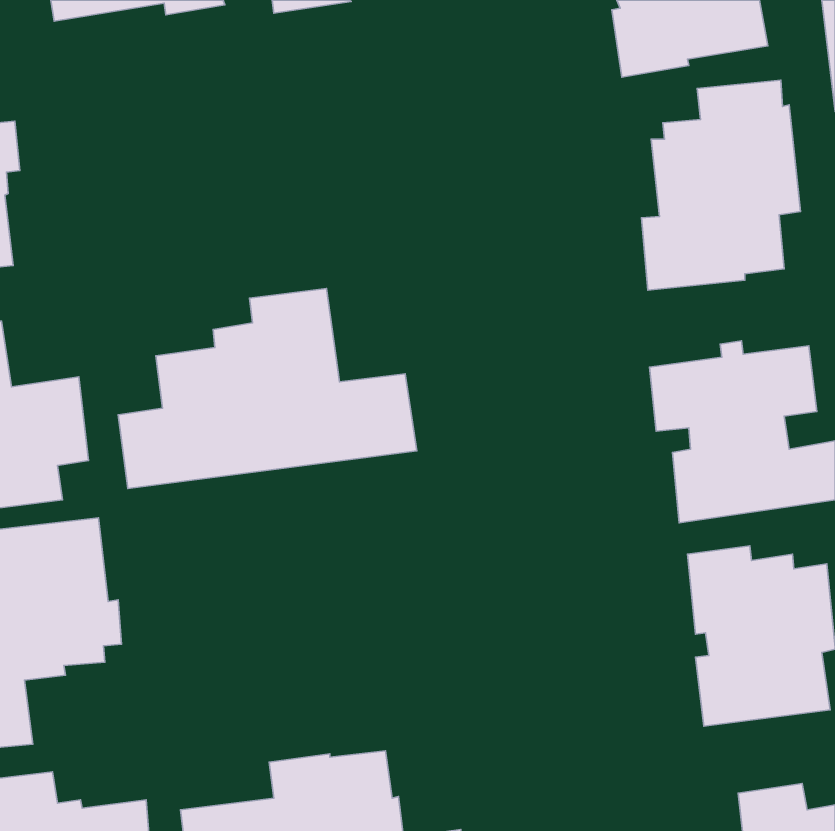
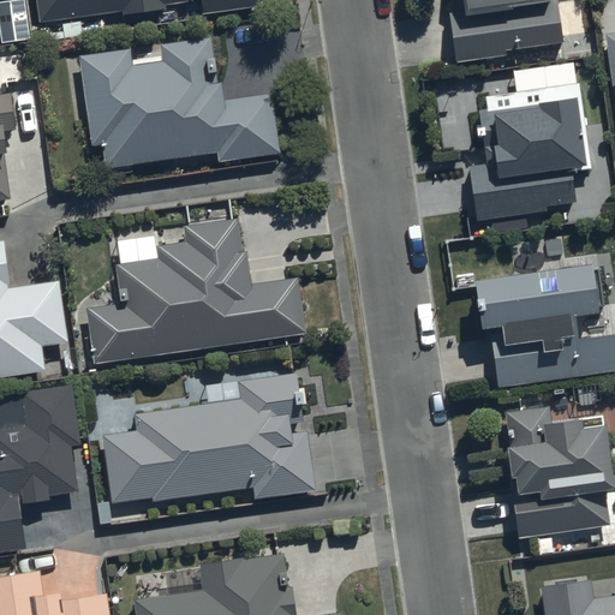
building: none -> [78,38,279,166]
building: none -> [100,371,315,502]

